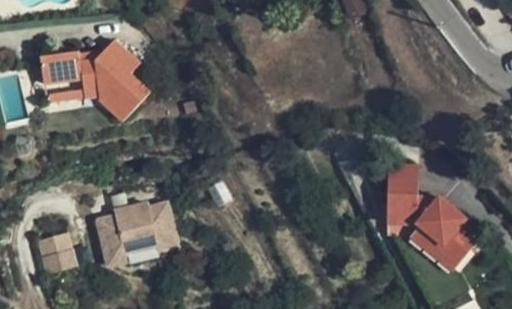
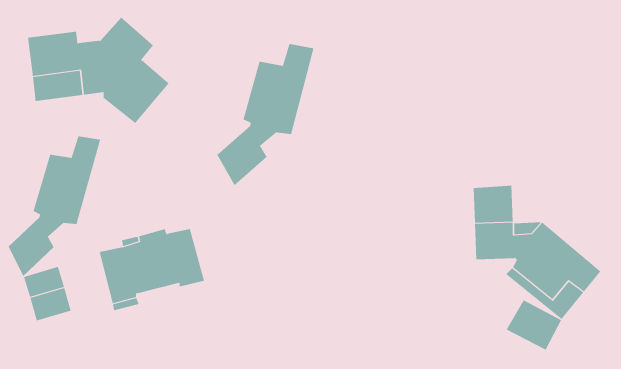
building: none -> [217,43,314,186]
building: none -> [8,136,101,277]
building: none -> [506,300,562,351]

